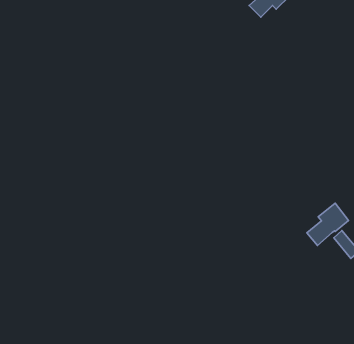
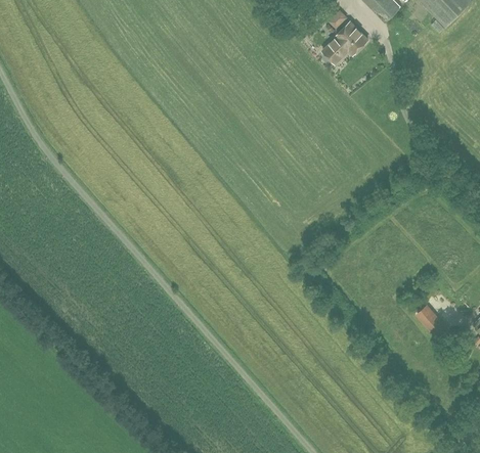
building: [307,203,349,245] -> none

